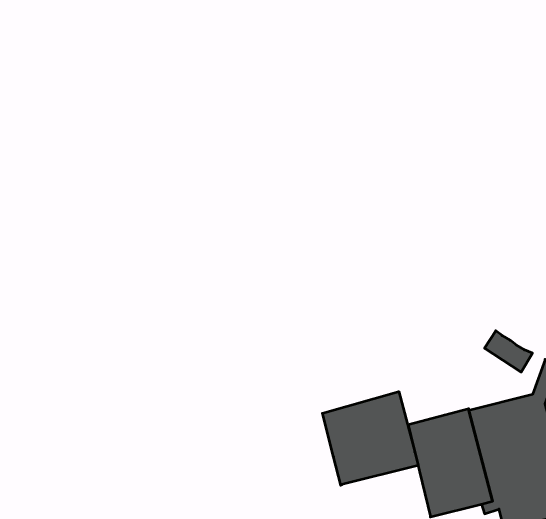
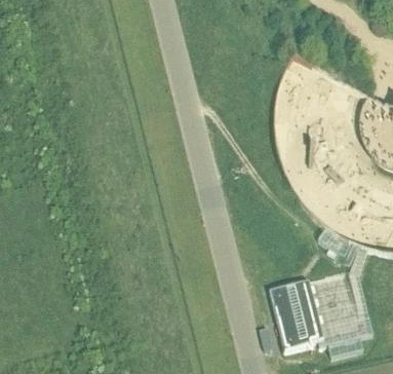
building: [322,392,418,485] -> none

